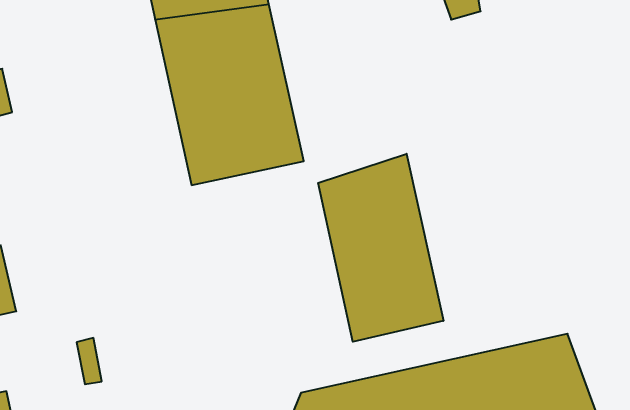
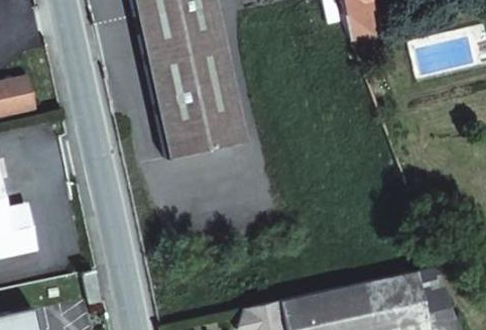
building: [318,154,443,342] -> none

